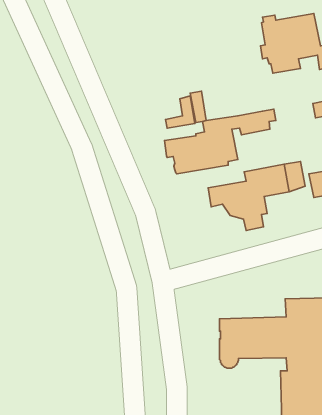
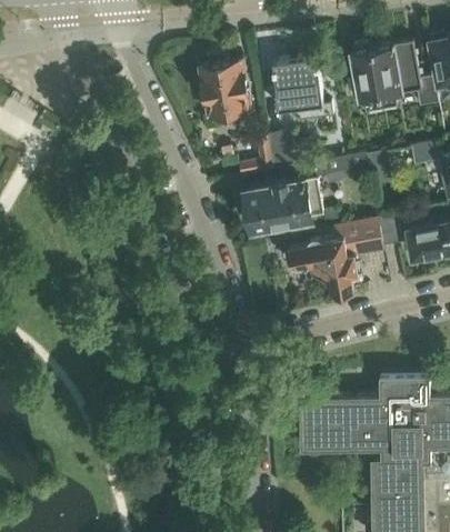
building: none -> [271,58,331,122]
building: none -> [199,61,250,118]

